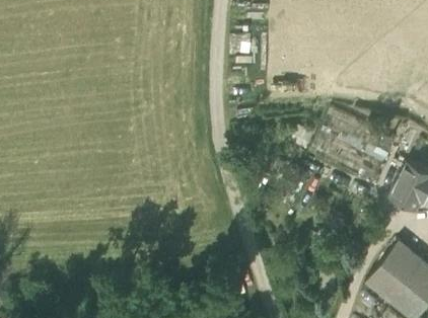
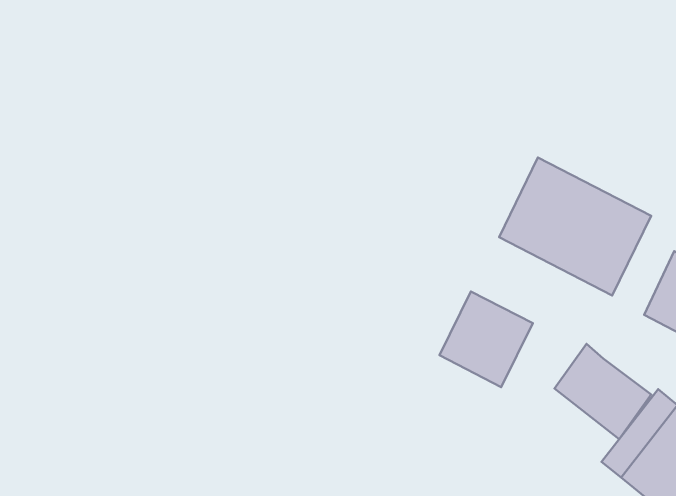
building: none -> [439,291,533,387]
building: none -> [555,344,651,439]

